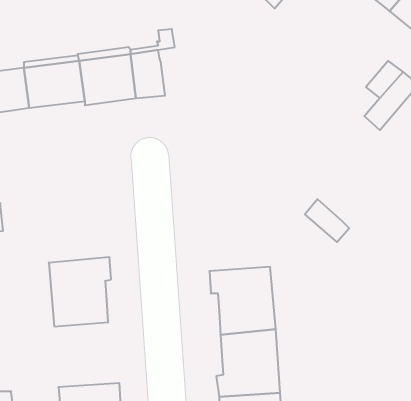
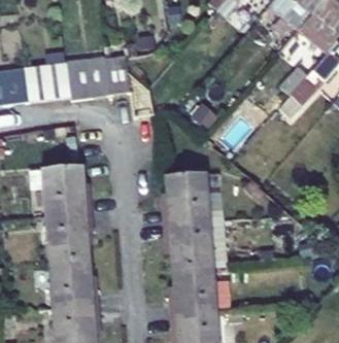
building: none -> [41,166,90,216]
building: none -> [163,175,209,222]
building: none -> [48,261,97,309]

